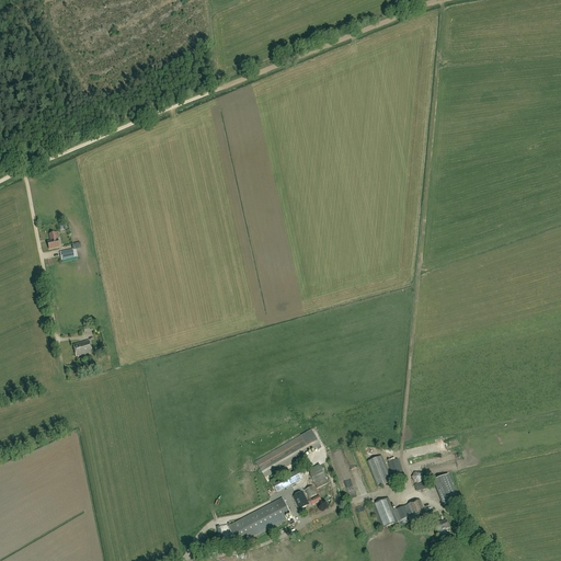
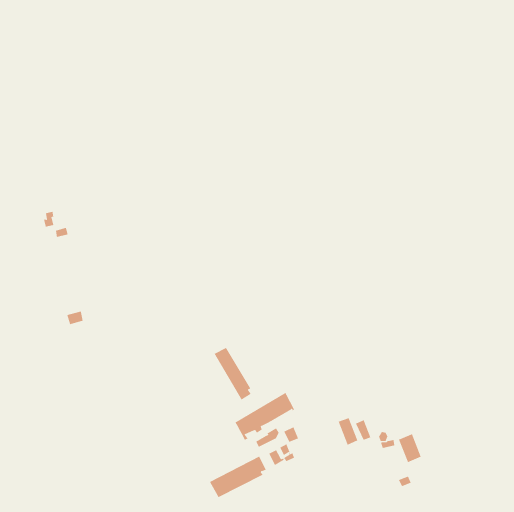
building: none -> [214,347,252,400]
building: [370,495,426,527] -> none

